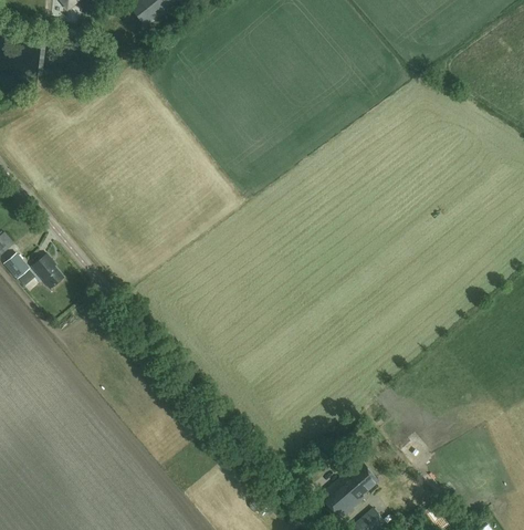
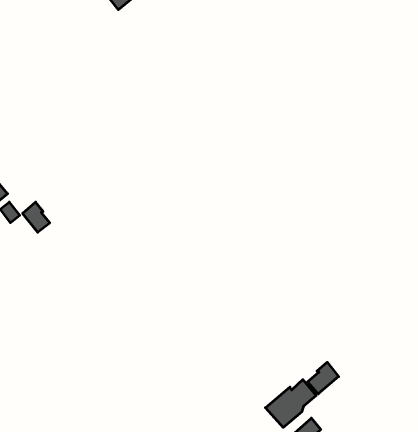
building: none -> [308,362,339,394]

